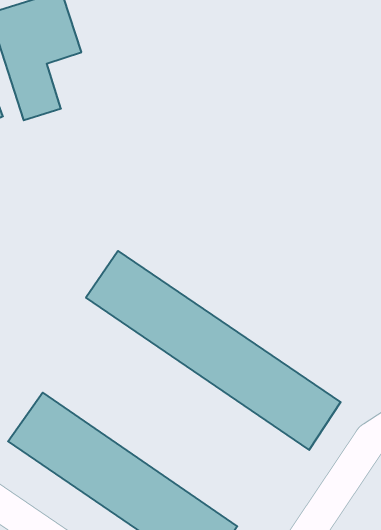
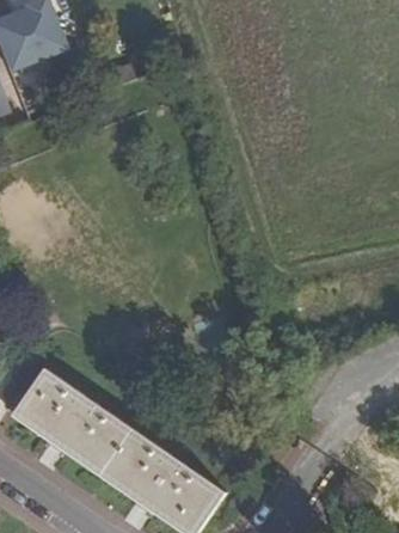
building: [86,251,341,450] -> none

